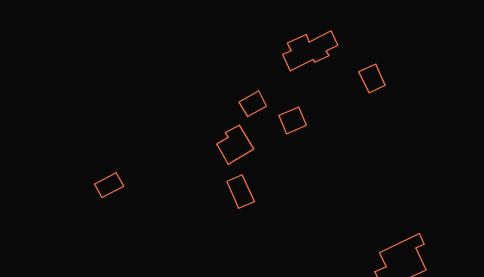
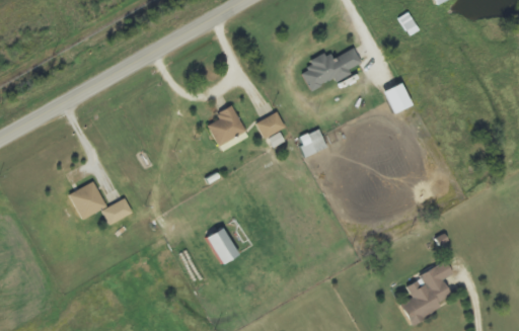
building: [217,125,254,164] -> [207,105,246,147]
building: none -> [69,181,107,220]
building: [227,175,255,208] -> [208,229,237,264]

